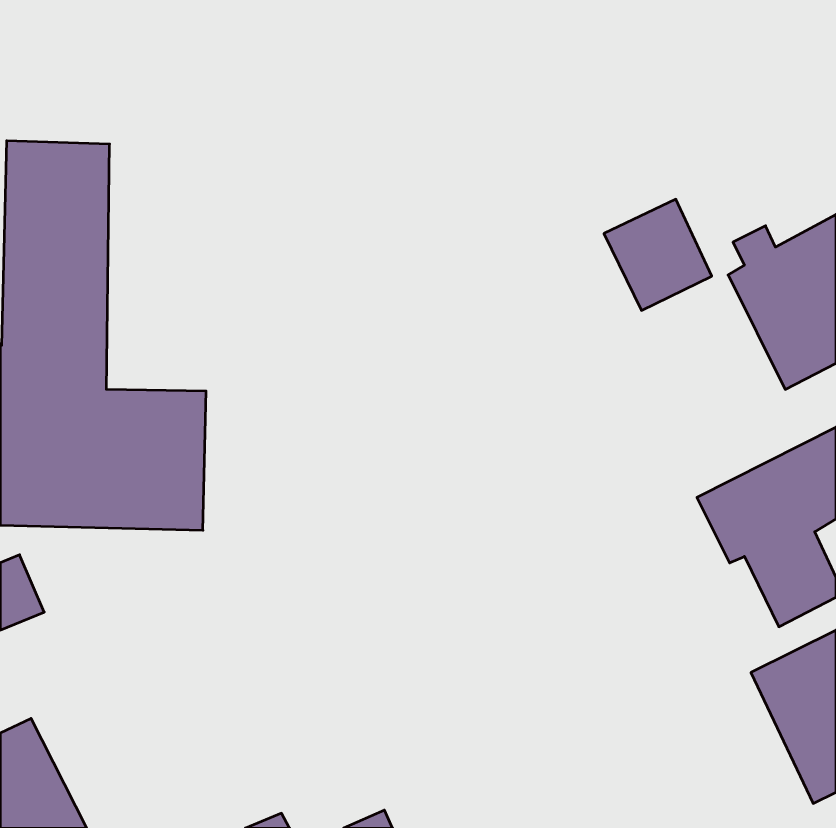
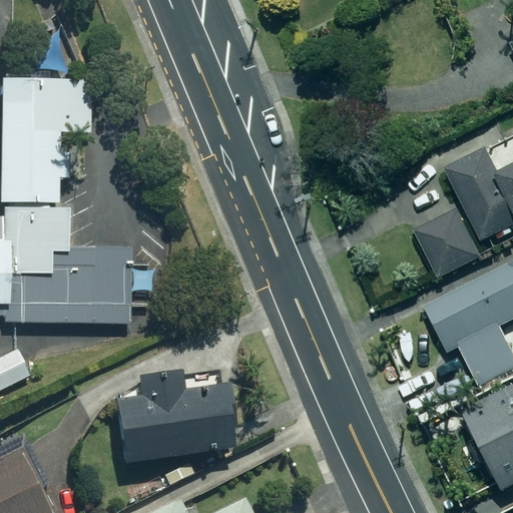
building: [604,199,712,310] -> [414,207,480,276]
building: none -> [111,374,230,464]

